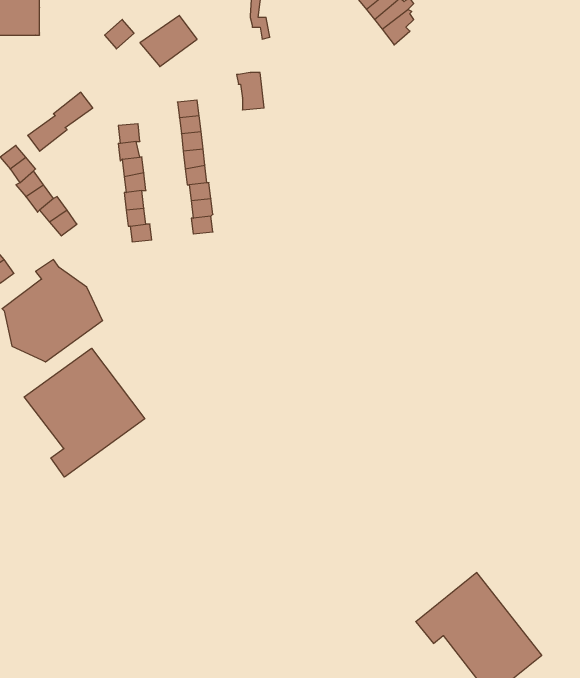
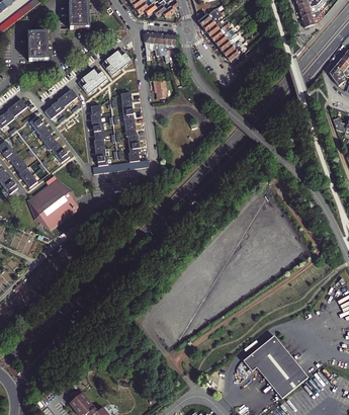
building: none -> [78,66,107,94]
building: [24,348,145,477] -> none

